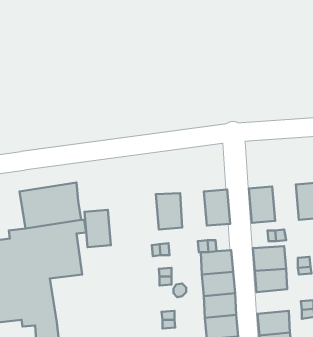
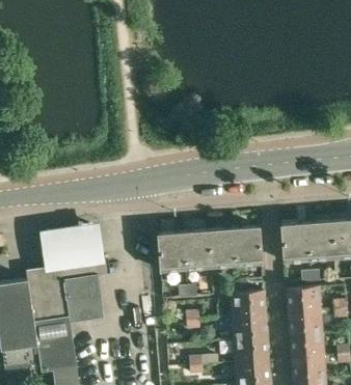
building: none -> [306,222,334,260]
building: none -> [209,229,237,268]
building: [84,210,111,247] -> [158,232,186,272]
building: none -> [290,333,324,359]

